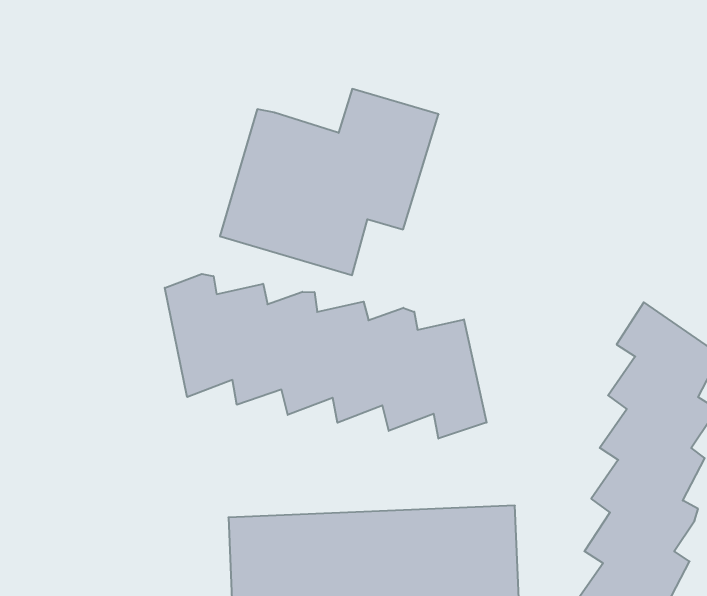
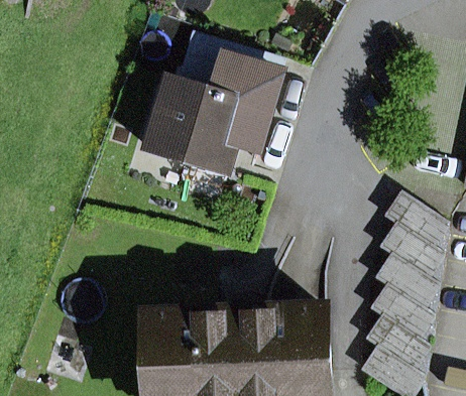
building: none -> [182,32,285,91]
building: [165,274,487,439] -> none

